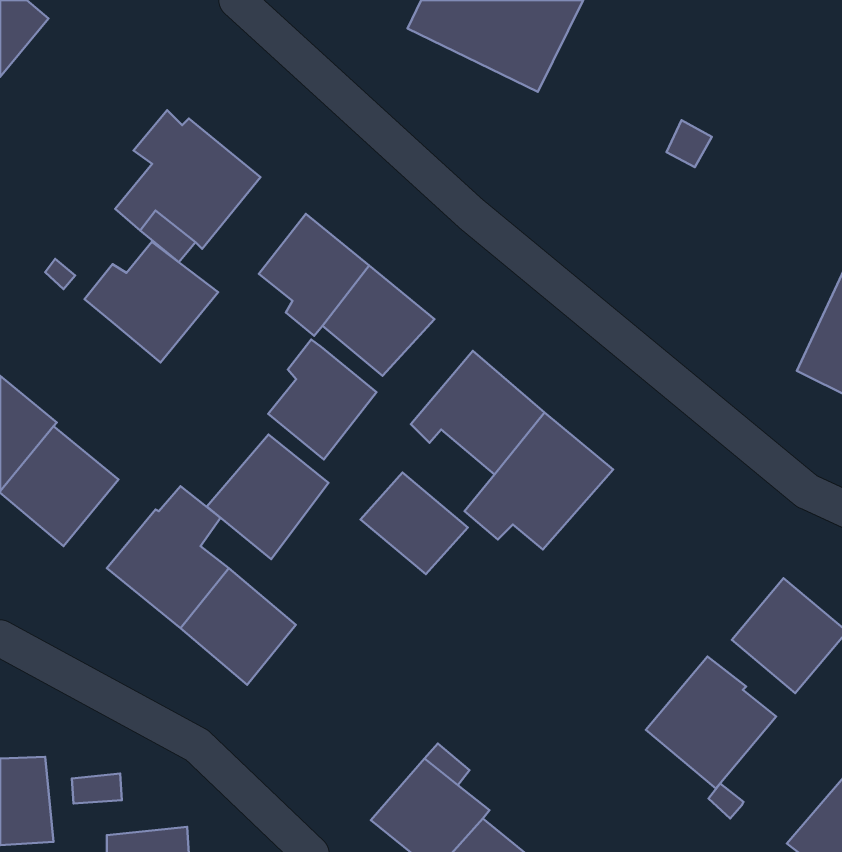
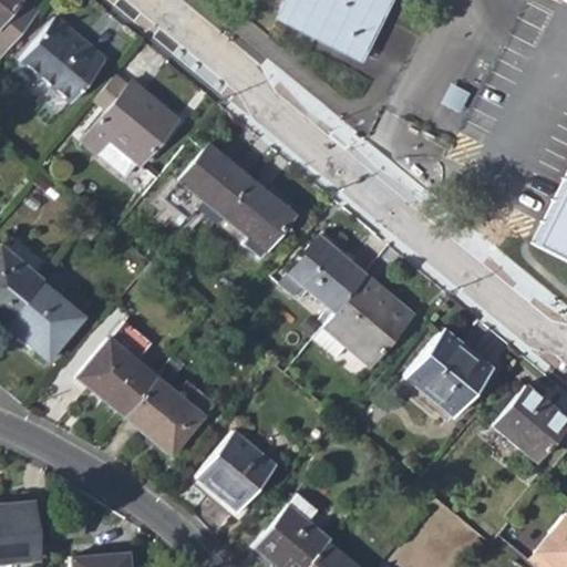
building: none -> [22,19,109,103]
building: [84,242,218,363] -> none
building: [268,339,376,459] -> none
building: [207,434,329,559] -> none
building: [360,473,468,574] -> none
building: none -> [199,430,279,513]
building: [646,656,776,788] -> [406,329,493,416]

